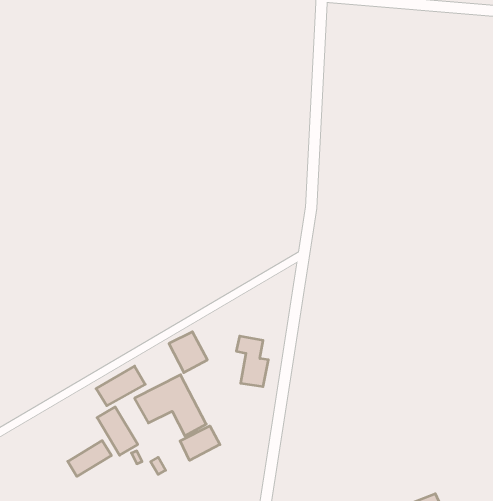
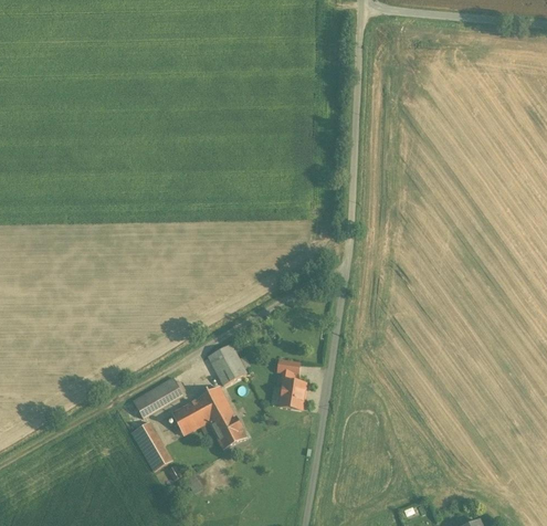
building: [180,426,220,460] -> none
building: [68,441,111,476] -> none

